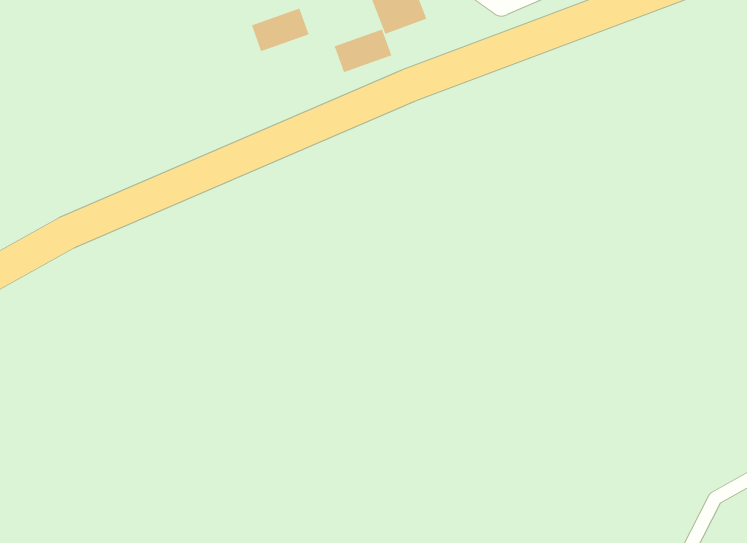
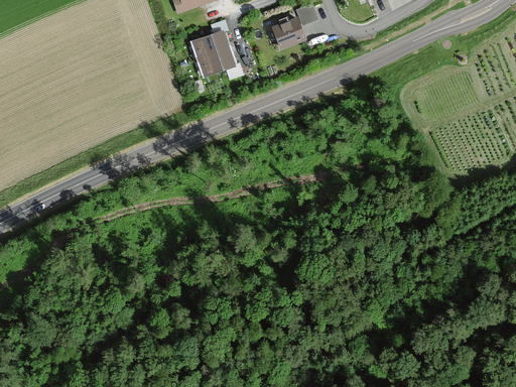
building: [334,29,392,73] -> [199,47,236,76]

